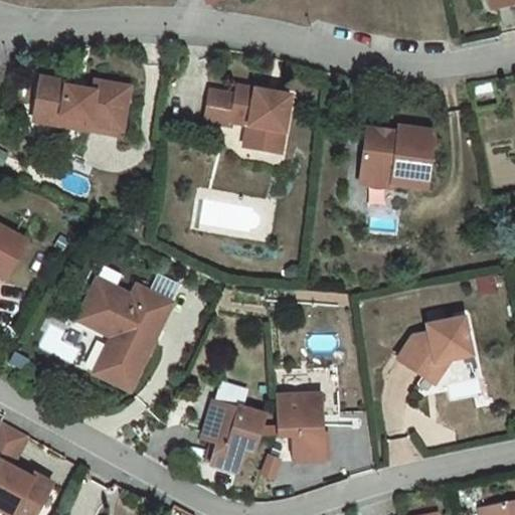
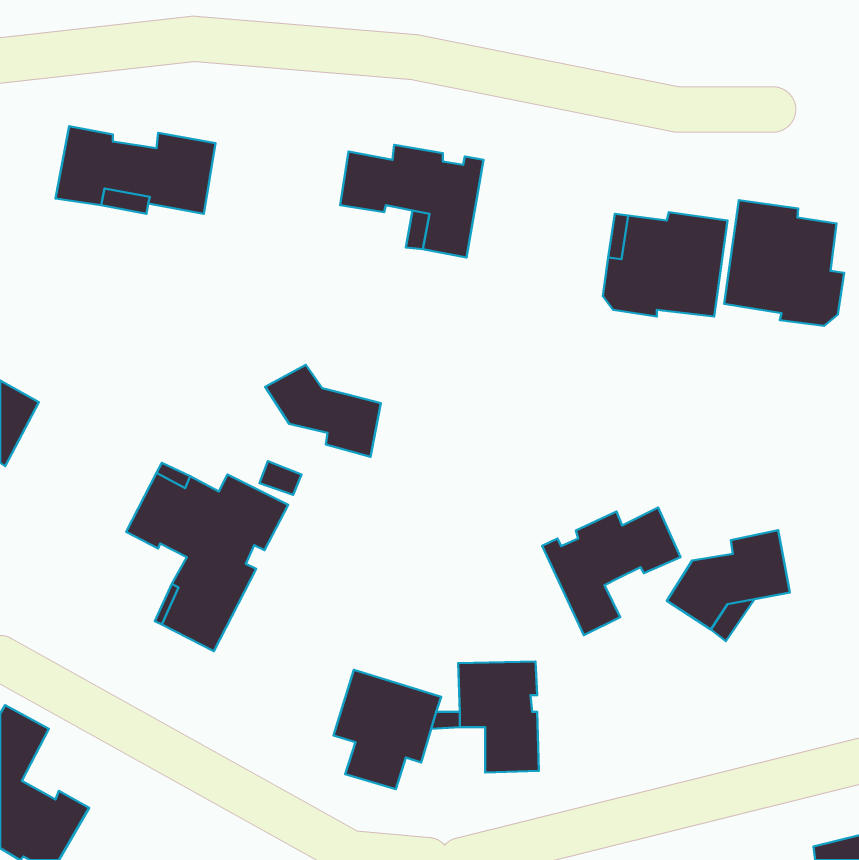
building: none -> [724,200,844,326]
building: none -> [265,365,381,457]
building: none -> [542,508,680,635]

